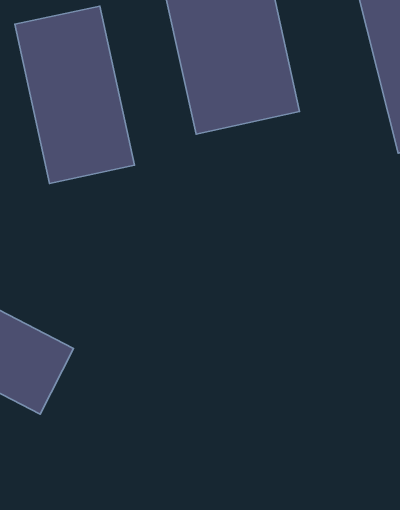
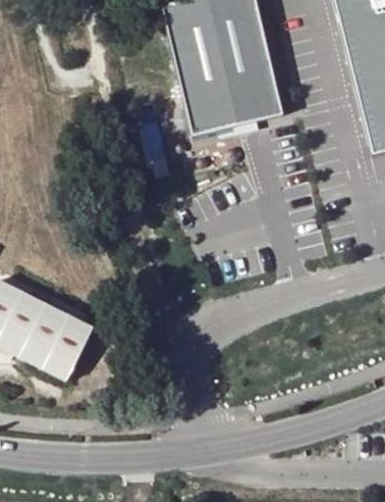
building: [15,6,135,183] -> none

